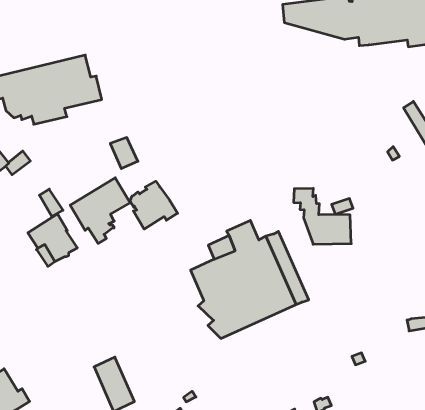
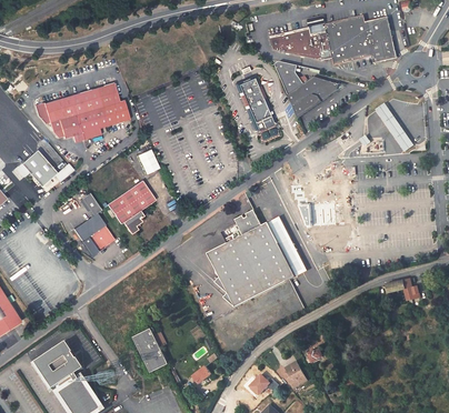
building: none -> [276,63,341,120]
building: none -> [239,79,276,132]
building: [130,181,178,229] -> none

